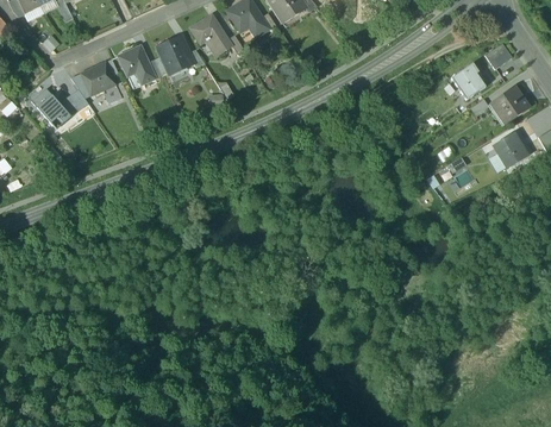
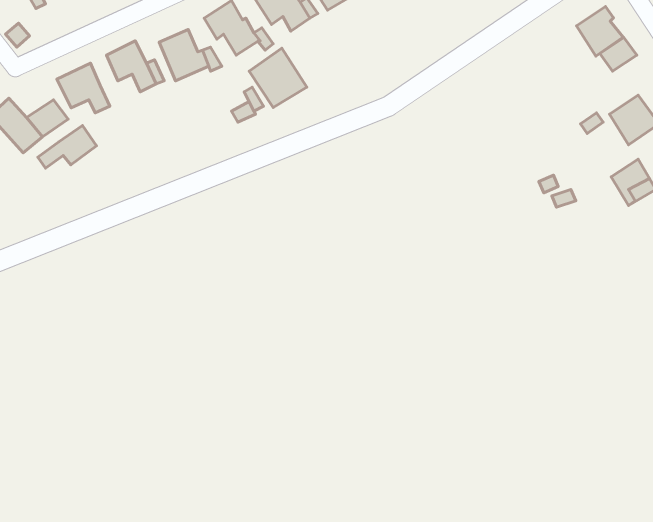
building: none -> [249,48,307,107]
building: [451,63,486,100] -> [577,7,623,56]
building: none -> [38,126,96,168]

